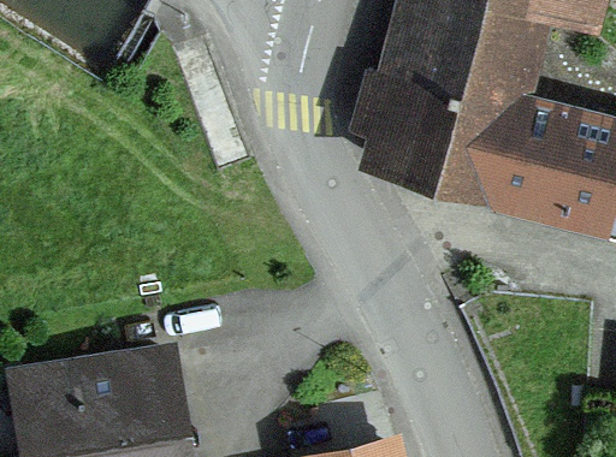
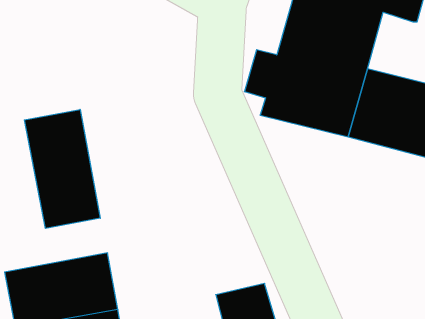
building: none -> [24,109,100,228]

